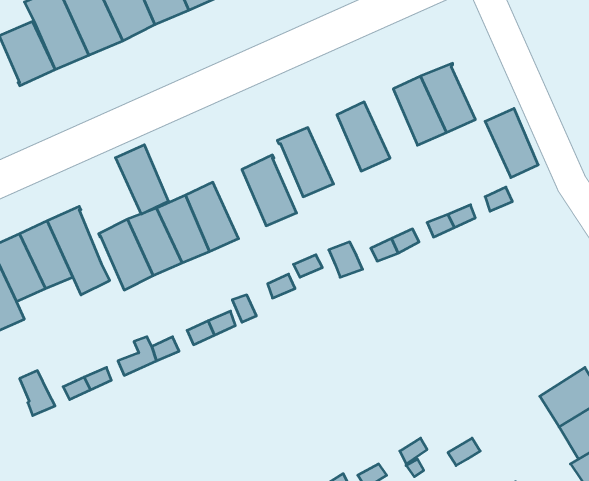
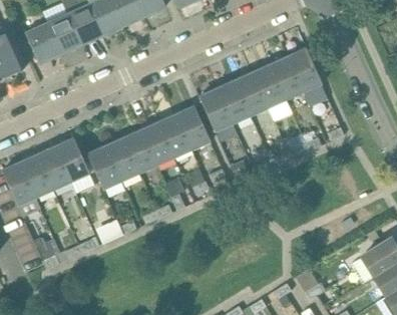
building: [485,108,538,178] -> [253,64,286,107]
building: none -> [218,80,251,123]
building: [115,145,169,214] -> [158,114,191,158]

